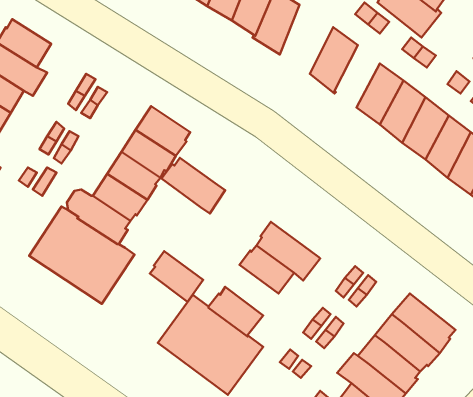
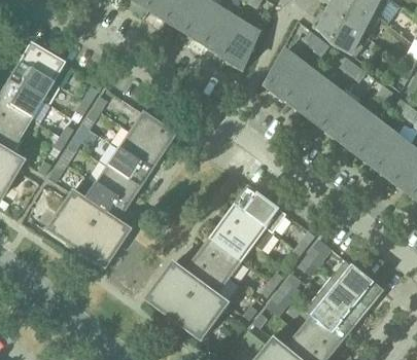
building: none -> [286,64,322,113]
building: [162,158,225,214] -> [236,187,286,231]
building: [150,251,203,302] -> [200,238,242,278]

